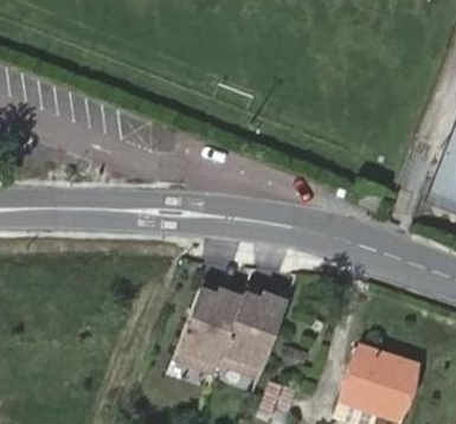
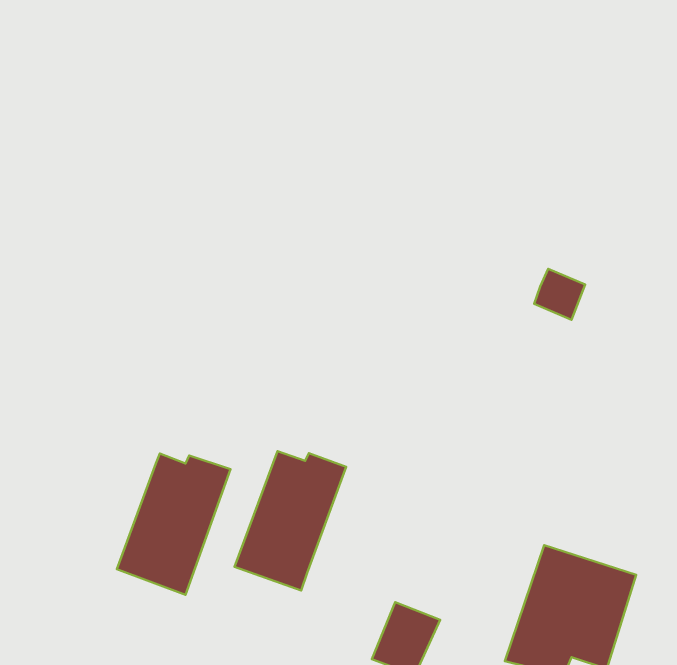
building: [219,291,288,377] -> [117,454,230,595]

